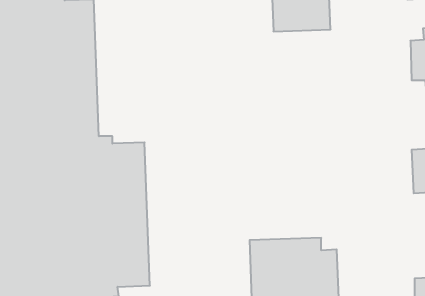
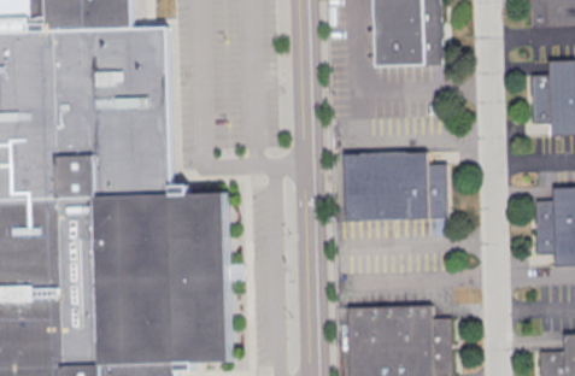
building: none -> [345,153,446,219]

